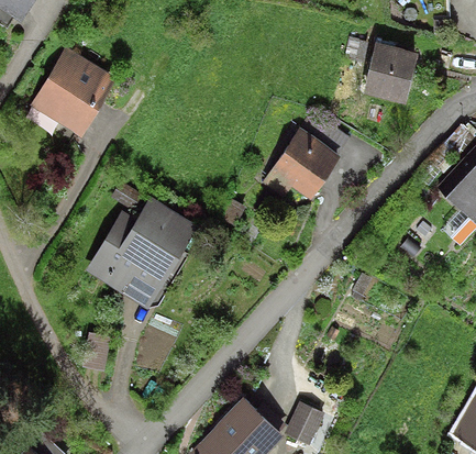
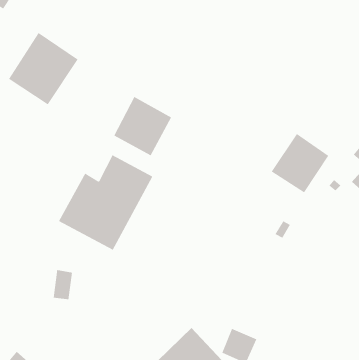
building: [359,36,416,95] -> none
building: none -> [113,96,172,156]
building: [267,128,337,200] -> [271,133,329,193]

